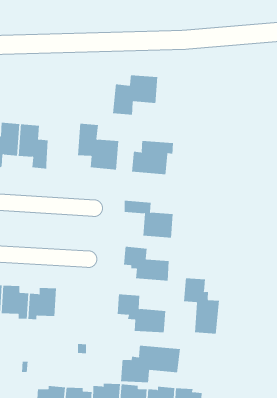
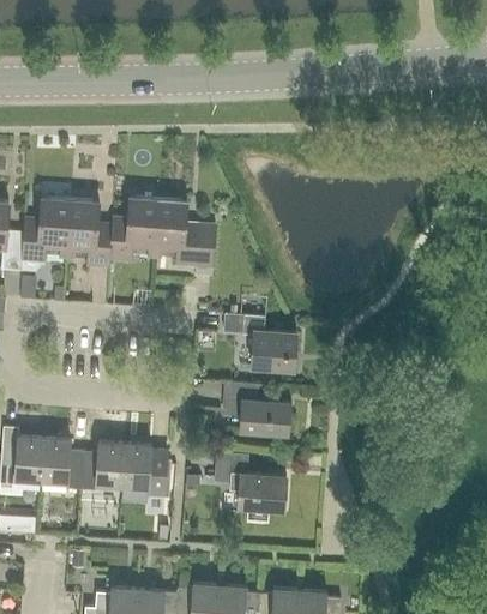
building: [113,74,158,116] -> none
building: none -> [109,198,157,261]
building: [131,140,173,175] -> none
building: [184,277,219,335] -> none
building: none -> [121,444,166,495]
building: [120,345,181,383] -> none

